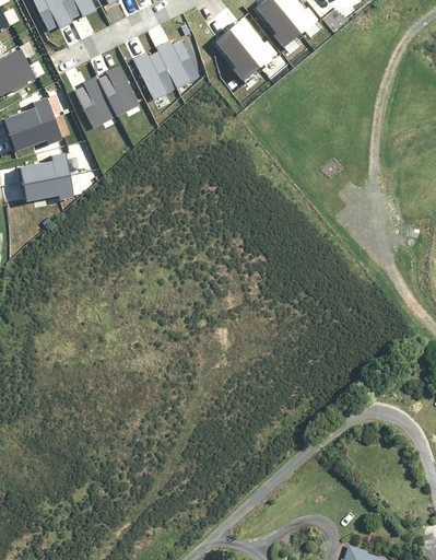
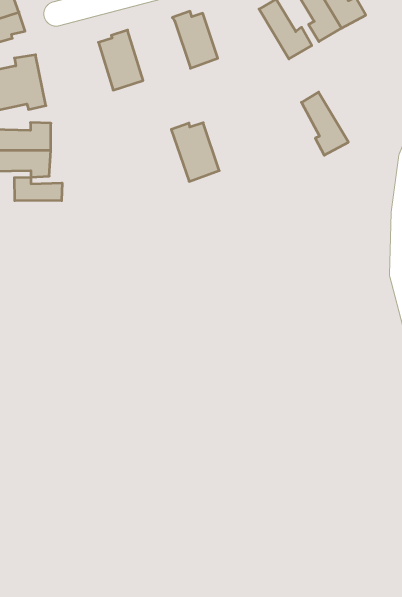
building: [215,28,260,81] -> [301,92,348,155]
building: [132,49,178,101] -> [171,123,219,181]
building: [74,74,116,127] -> none
building: none -> [14,177,62,201]

